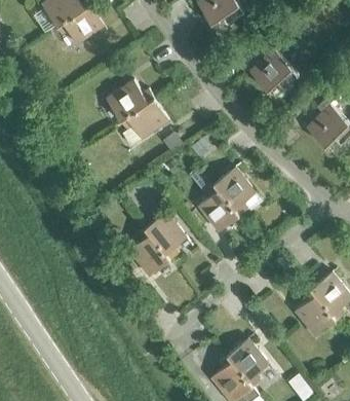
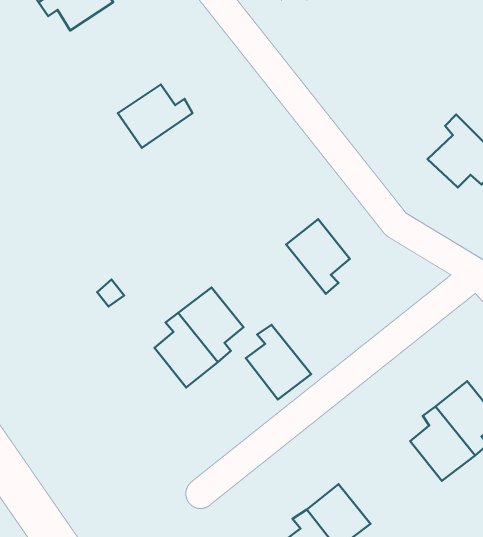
building: [248,42,298,90] -> none
building: [120,98,168,145] -> none
building: [197,183,239,231] -> [246,325,311,399]

